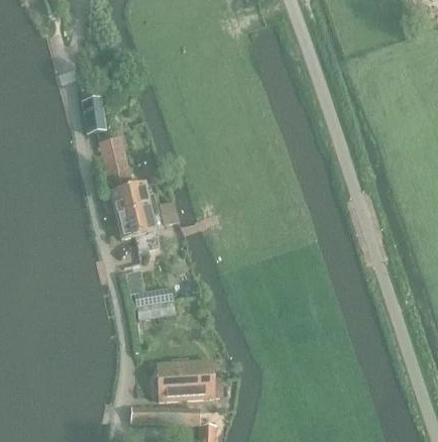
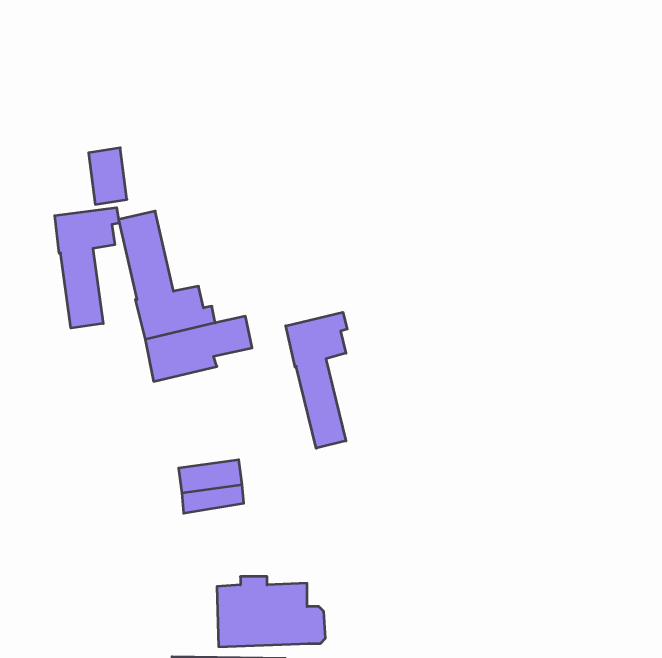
building: none -> [55,208,119,328]
building: none -> [286,312,347,448]

